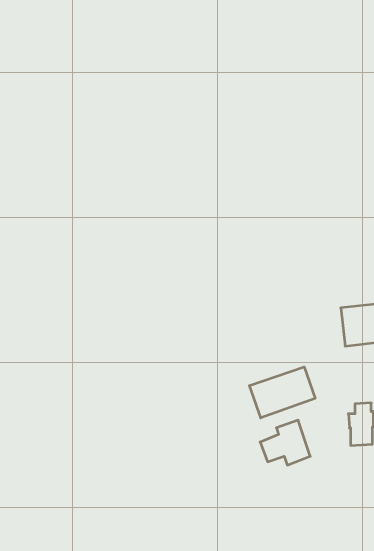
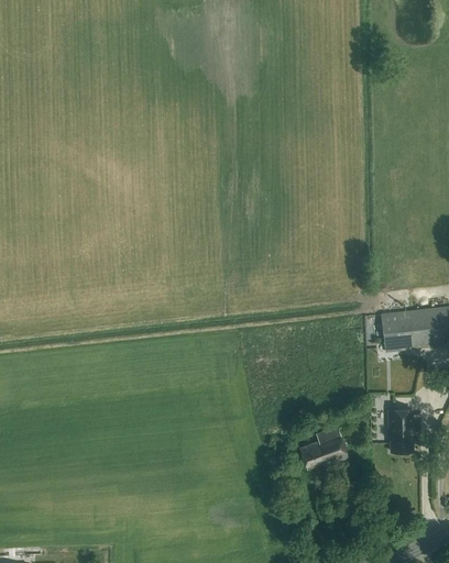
building: [249,367,315,418] -> none

